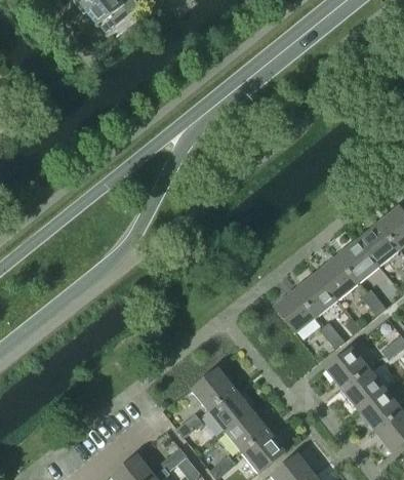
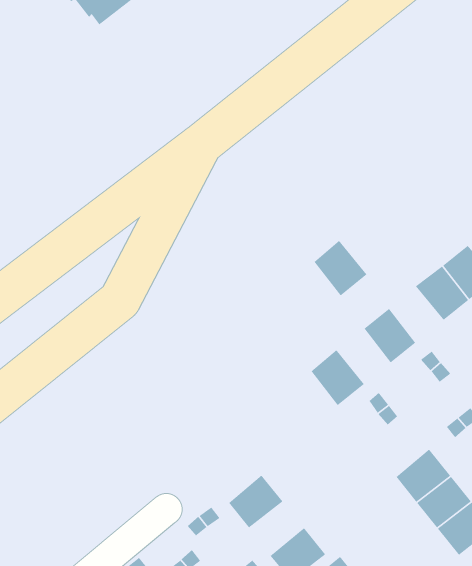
building: [337,239,380,284] -> [313,240,367,297]
building: [295,273,338,317] -> none
building: [325,347,369,391] -> none
building: [192,367,236,411] -> none
building: [226,410,270,453] -> none

